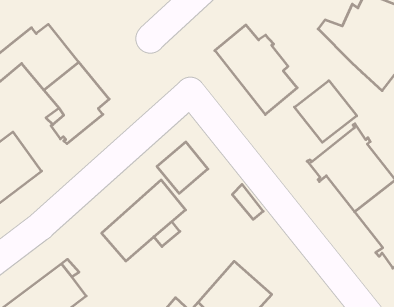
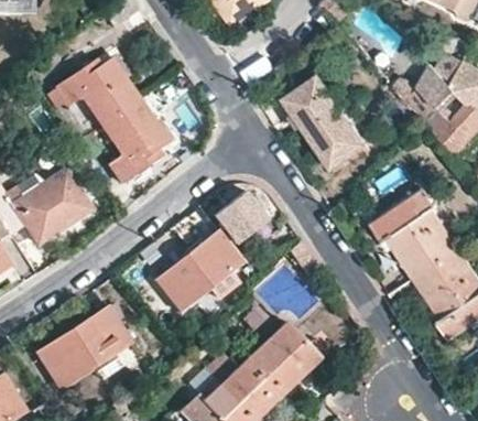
building: [294,81,357,142] -> none

